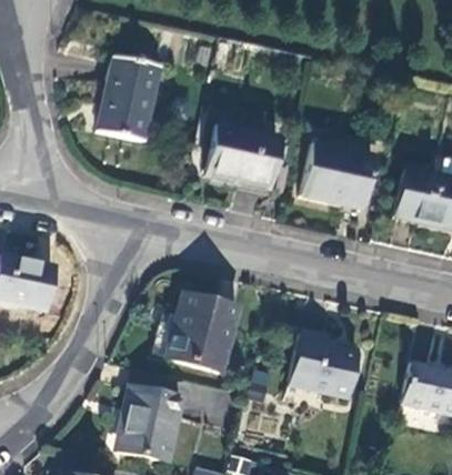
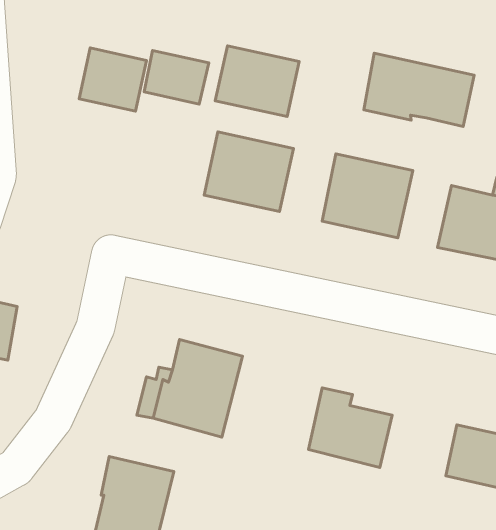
building: none -> [215,46,299,117]
building: none -> [364,53,474,126]
building: [99,99,151,142] -> [144,51,209,104]

